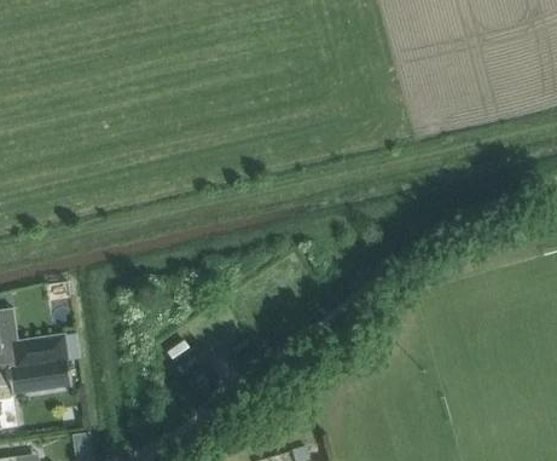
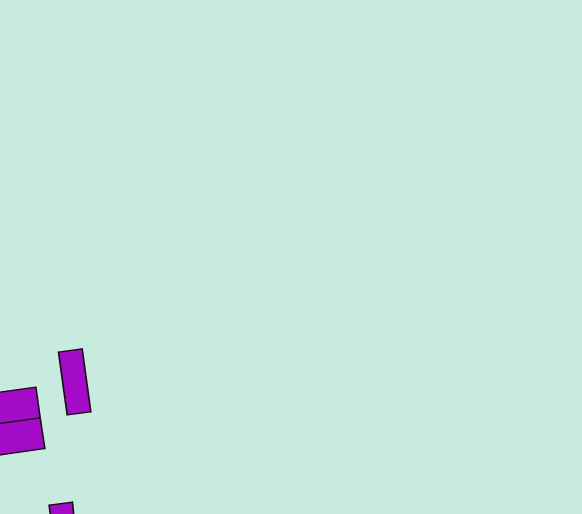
building: none -> [59,349,91,415]

